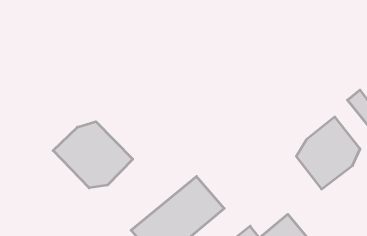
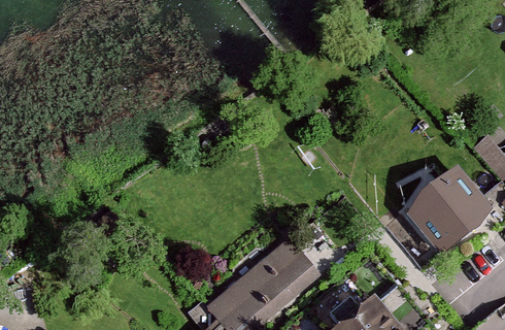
building: [53,122,133,188] -> none

